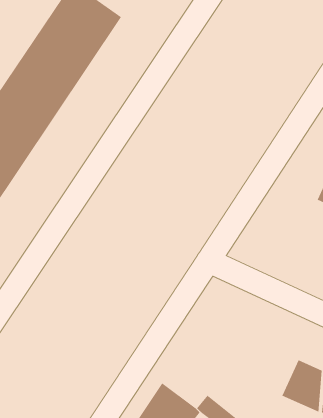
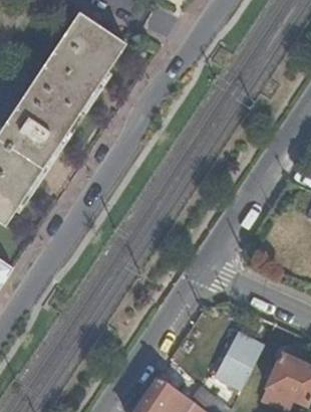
building: none -> [217,334,265,389]

